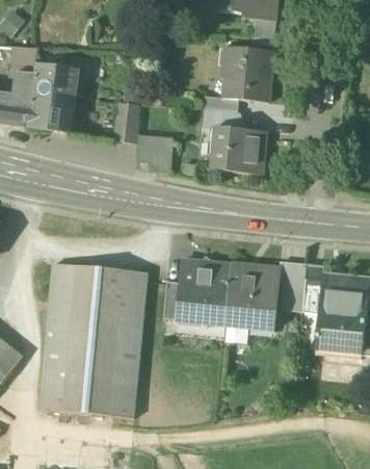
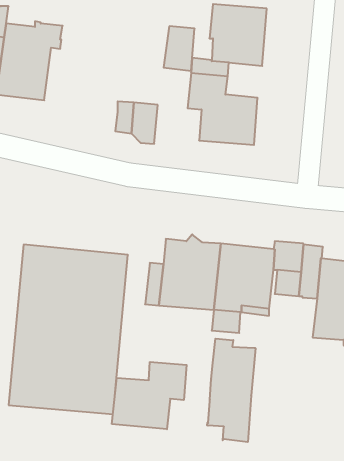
building: [112,102,140,142] -> [164,26,195,71]
building: none -> [207,339,255,442]
building: none -> [112,362,187,429]

